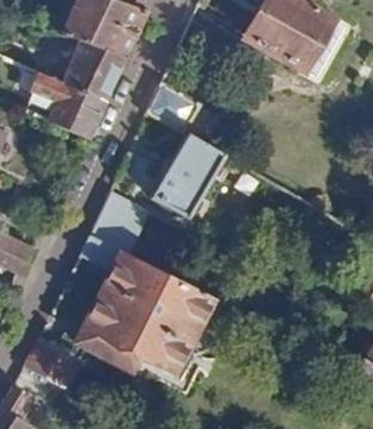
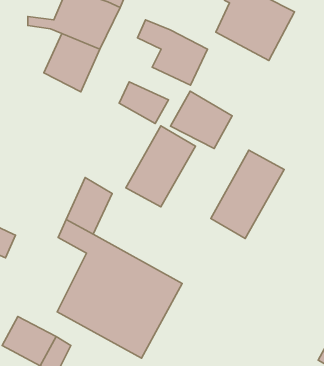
building: [31,68,105,137] -> [138,20,207,85]
building: none -> [171,91,232,148]
building: none -> [211,150,284,238]

